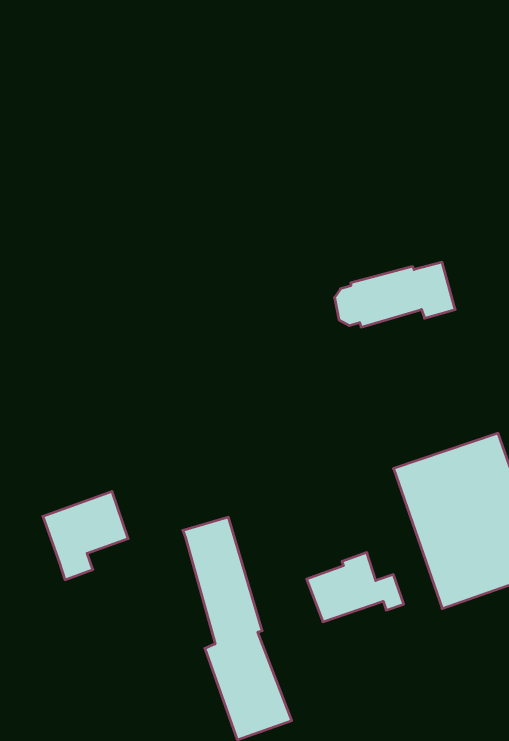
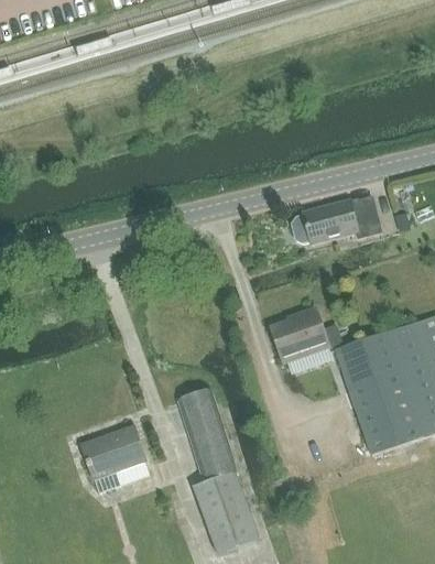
building: [43,491,128,580] -> [81,425,145,491]
building: [307,553,404,622] -> [271,308,344,360]

